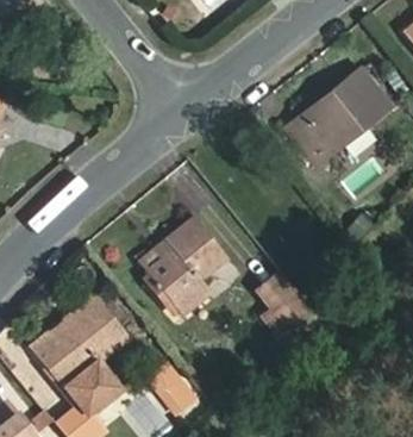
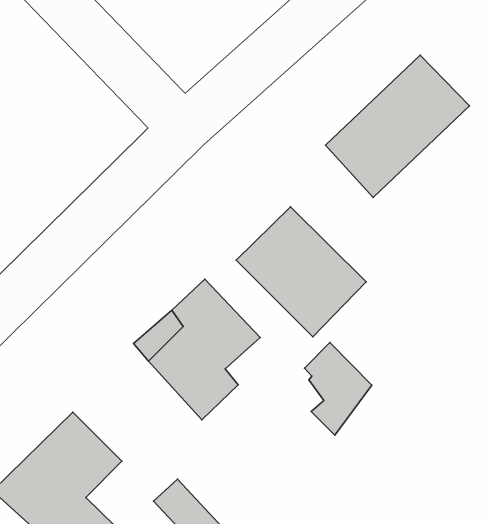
building: none -> [236,207,366,337]

